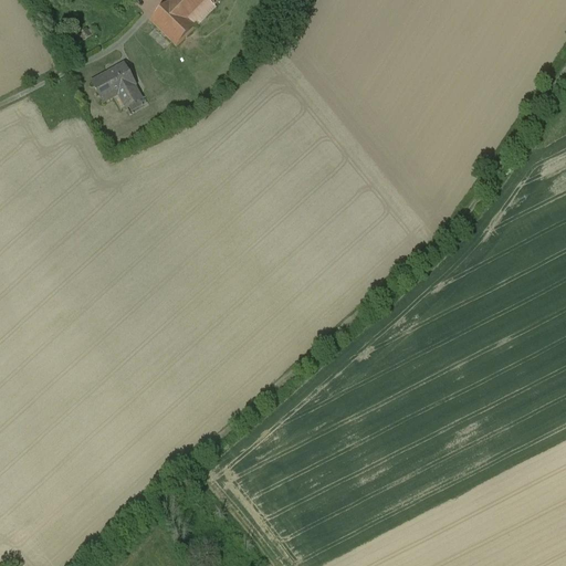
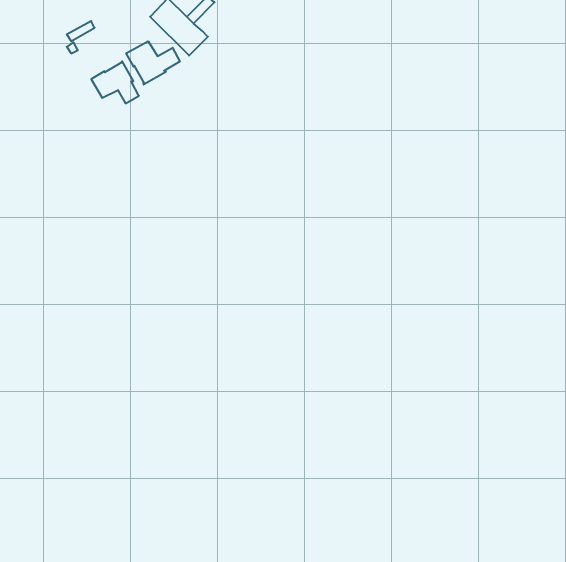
building: none -> [126,41,180,85]

